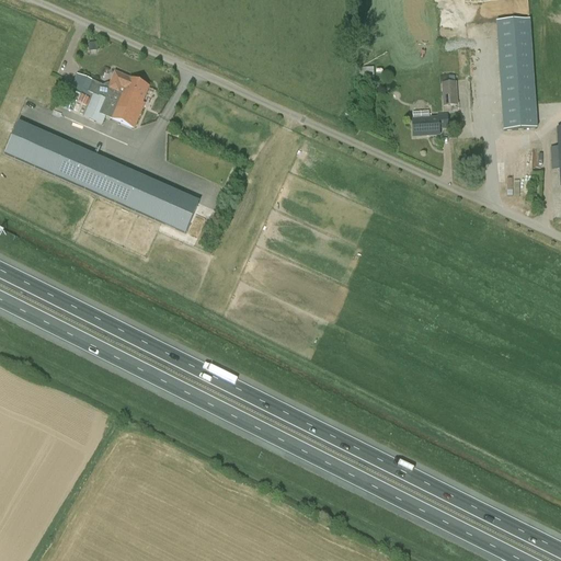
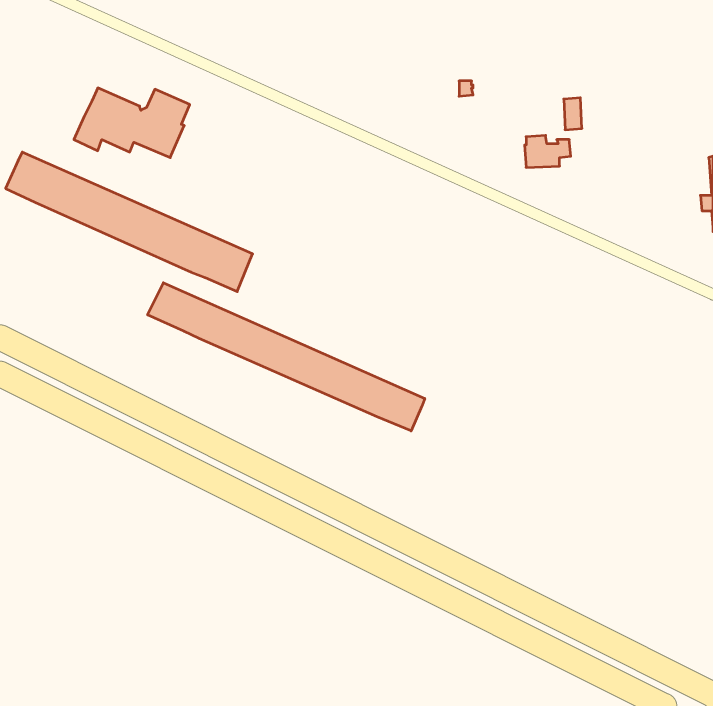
building: [496,15,537,126] -> none
building: none -> [148,283,425,431]

